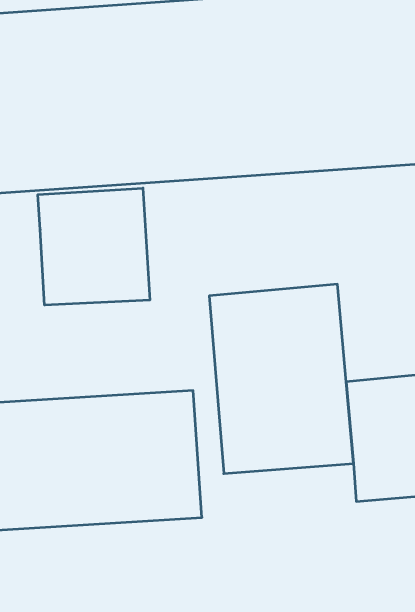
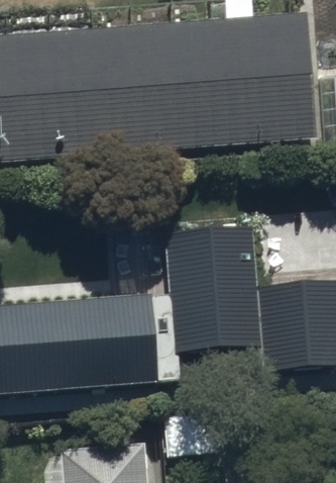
building: [38,188,150,305] -> none

